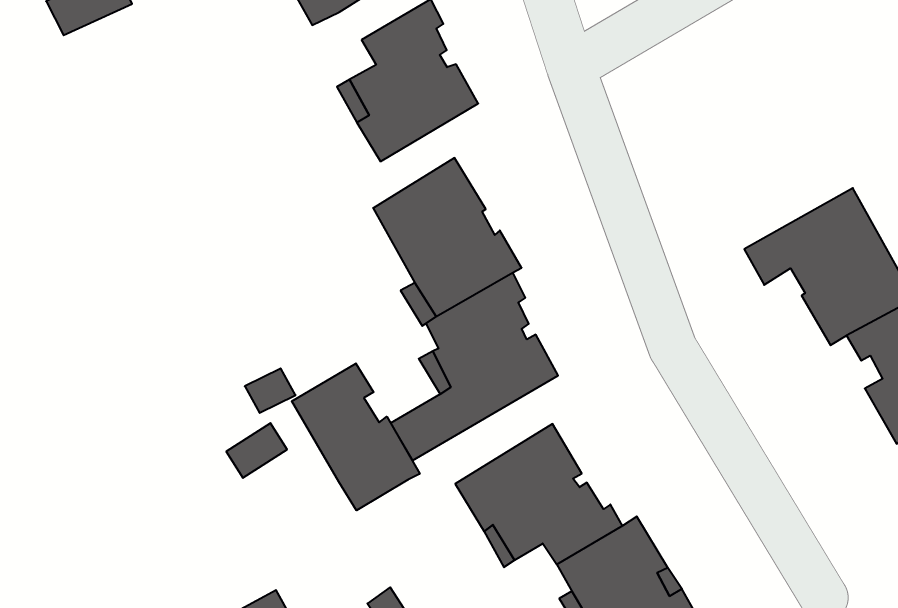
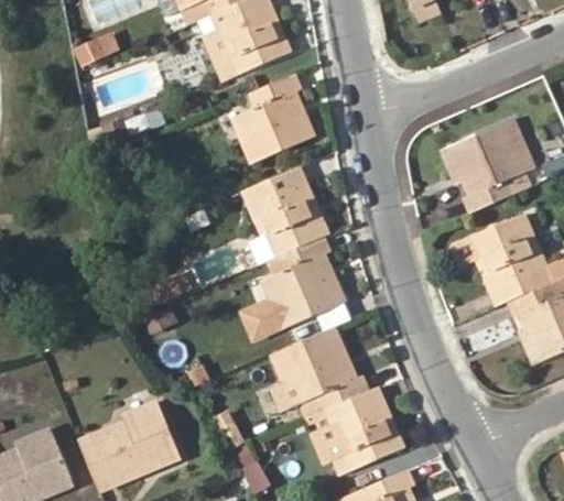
building: none -> [442,116,539,209]
building: [292,363,420,510] -> none

